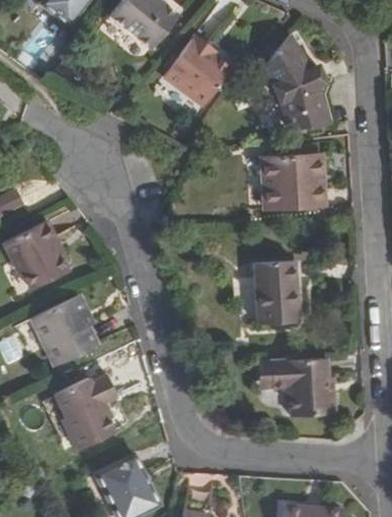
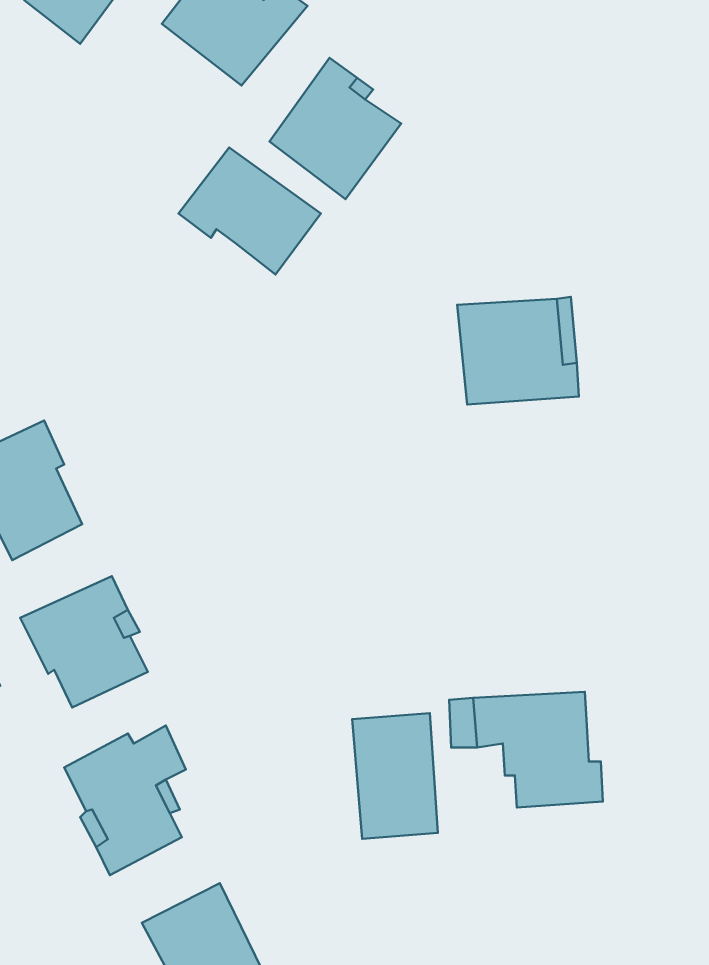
building: [261,36,328,132] -> none
building: none -> [178,148,321,275]
building: [253,260,297,324] -> [352,713,438,839]

